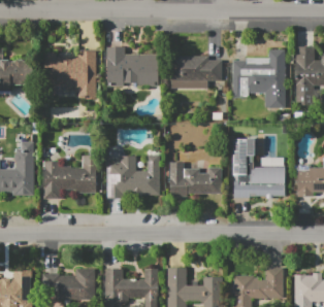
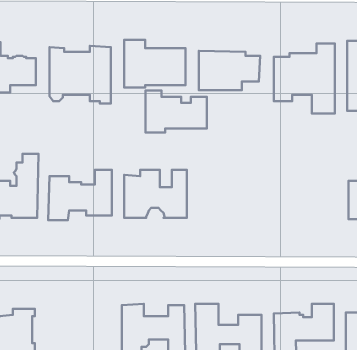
building: [232,139,285,198] -> none
building: [170,163,222,198] -> [146,91,207,132]
building: [43,269,96,300] -> none

